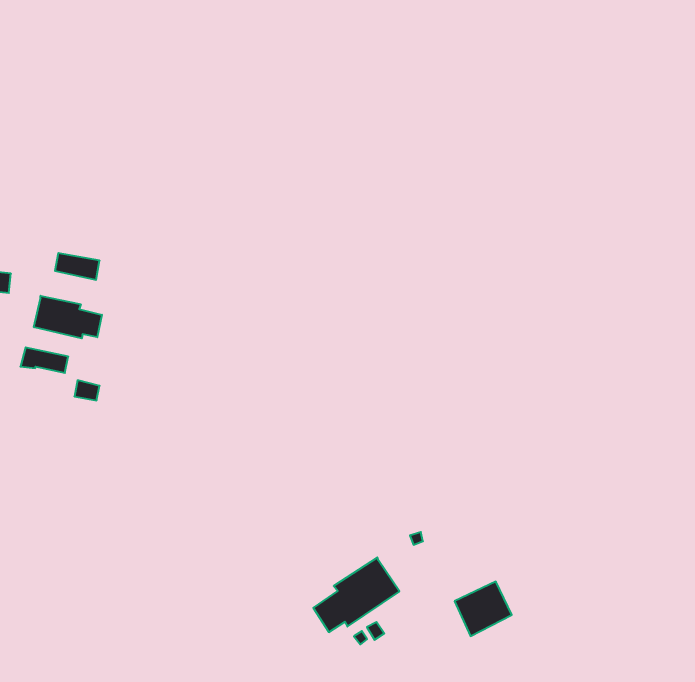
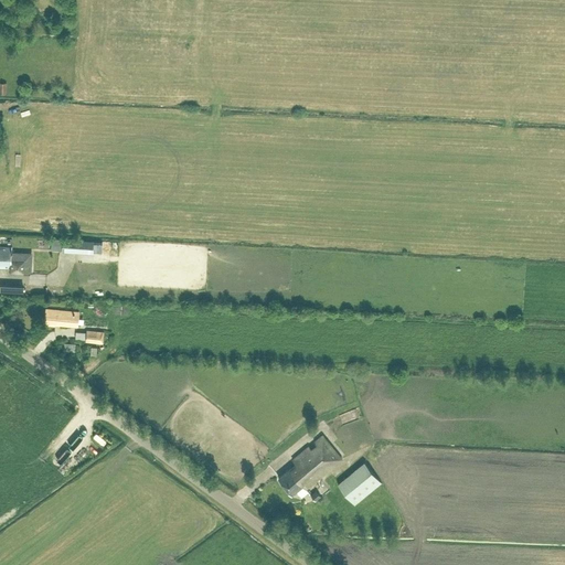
building: [34,296,102,338] -> none
building: [455,582,512,636] -> [340,460,383,502]

